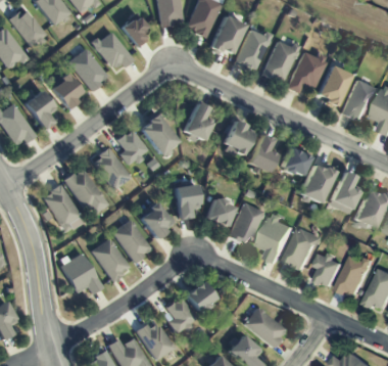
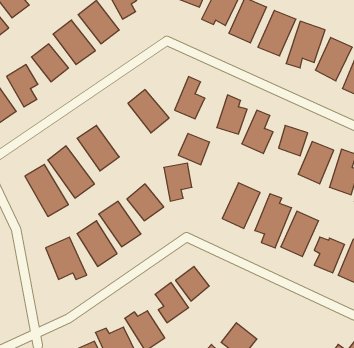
building: [116,129,146,167] -> none
building: [204,197,234,227] -> [178,133,210,165]
building: [242,308,285,347] -> none

